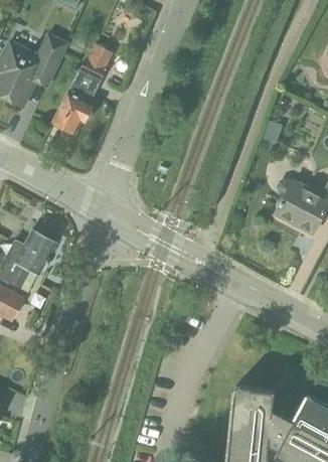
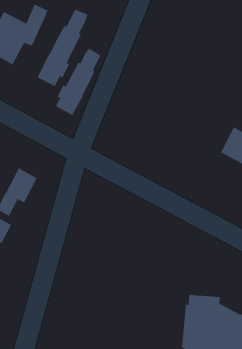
building: none -> [55,48,101,116]

